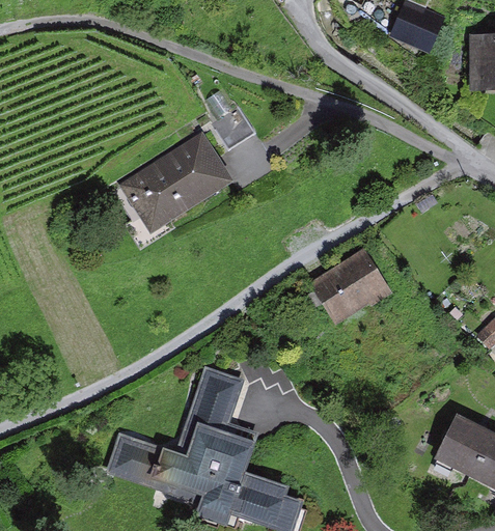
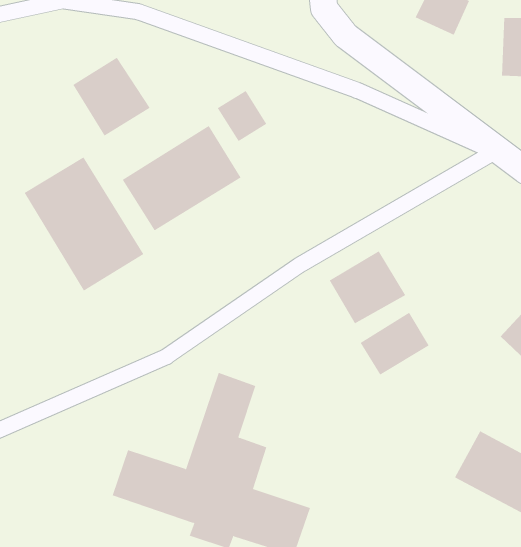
building: none -> [72,57,150,137]
building: none -> [24,157,144,292]
building: none -> [360,312,429,375]

